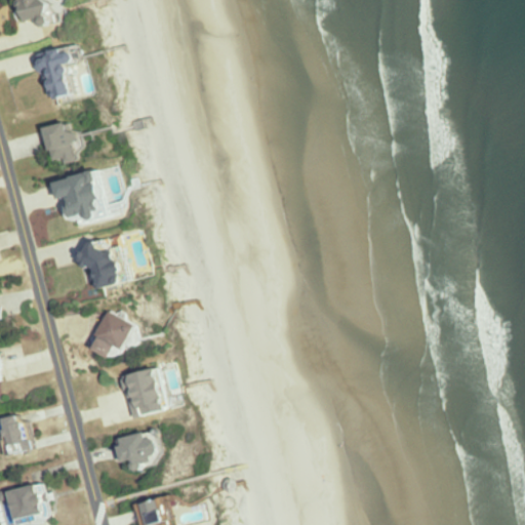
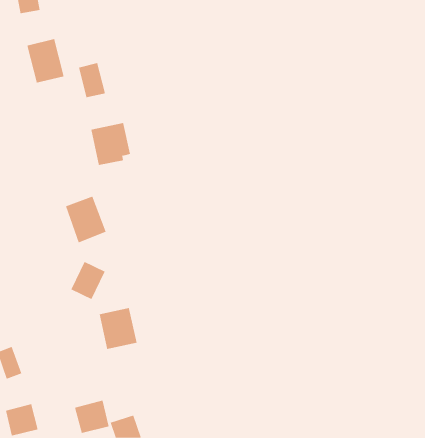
building: [40,121,73,163] -> [78,62,106,98]
building: [60,172,109,224] -> [91,123,131,165]
building: [113,430,155,470] -> [74,400,109,433]

